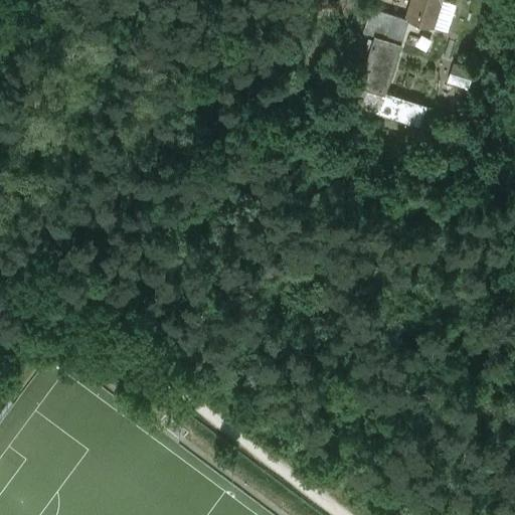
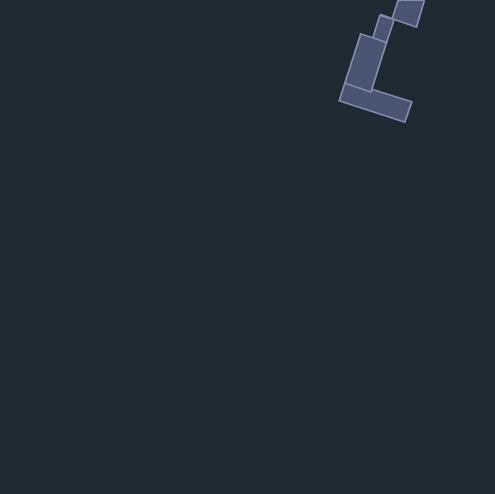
building: [363,9,395,40] -> none

